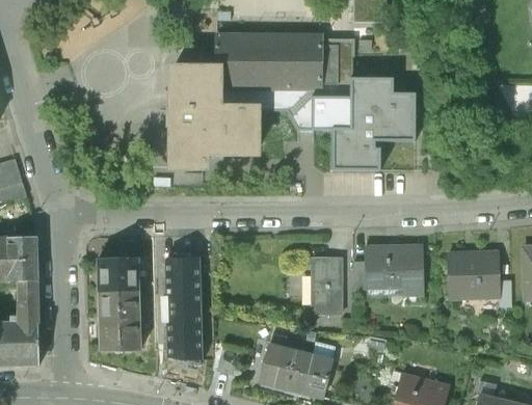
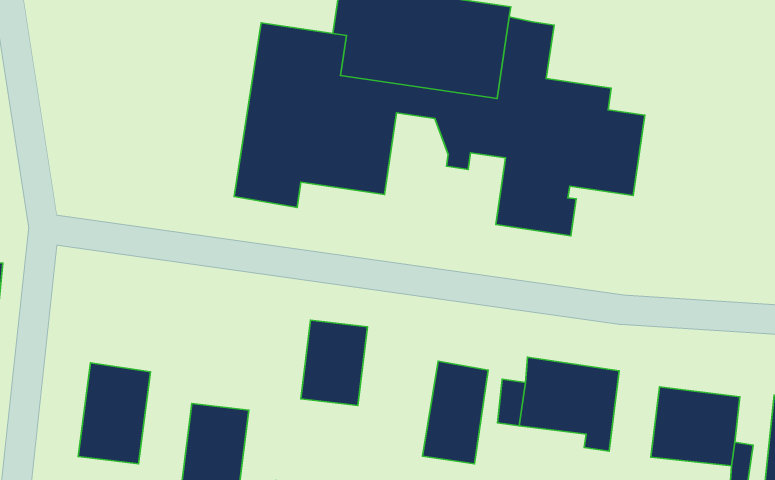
building: [163,254,200,304] -> [301,320,368,406]
building: [98,255,136,289] -> none

